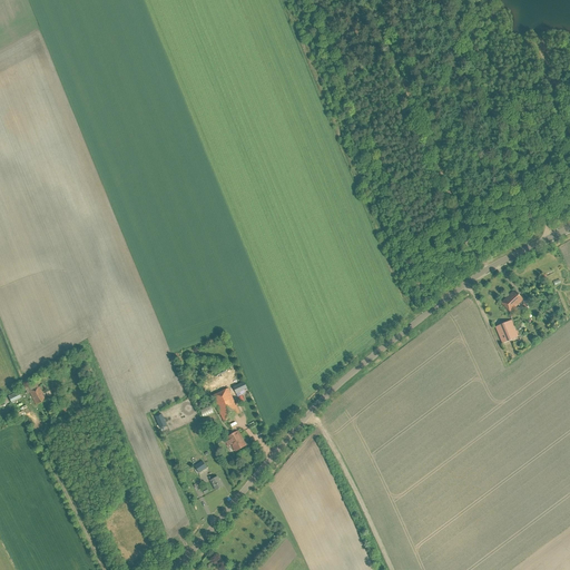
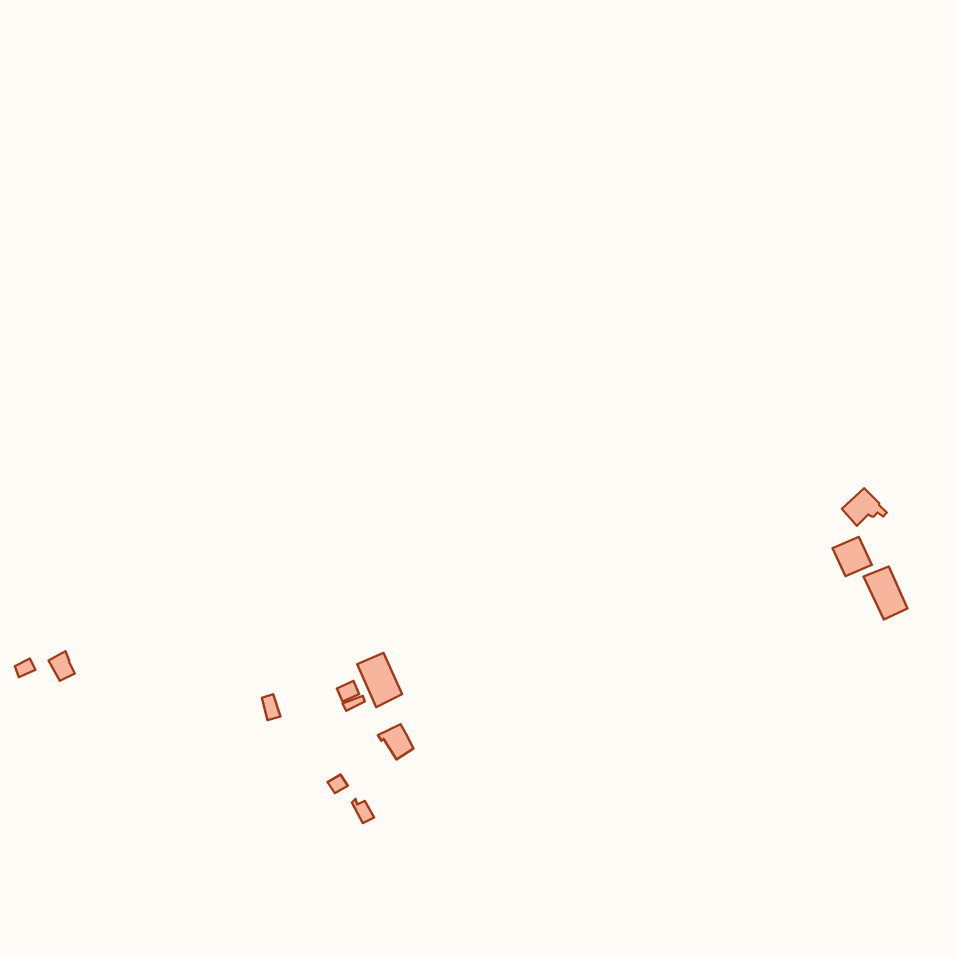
building: none -> [864,567,908,620]

